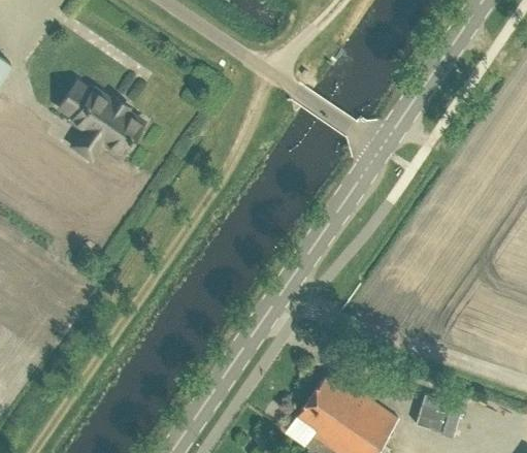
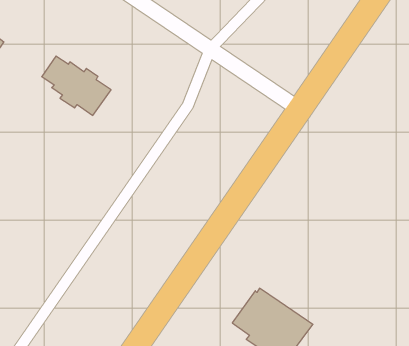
building: [414,393,461,435] -> none

